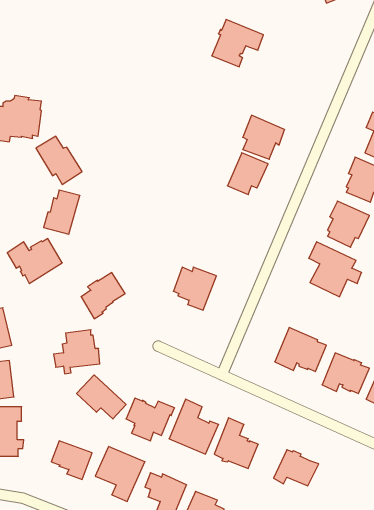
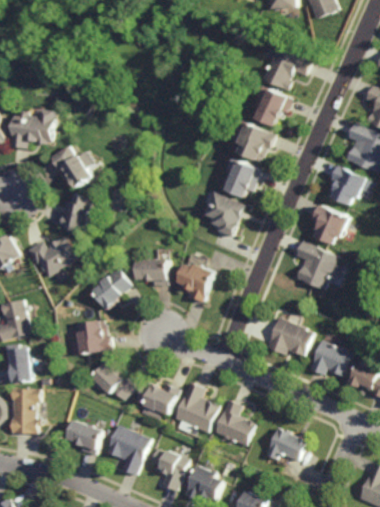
building: [212,19,263,67] -> [263,51,310,94]
building: none -> [255,91,292,129]
building: none -> [206,192,246,237]
building: none -> [133,258,167,285]

